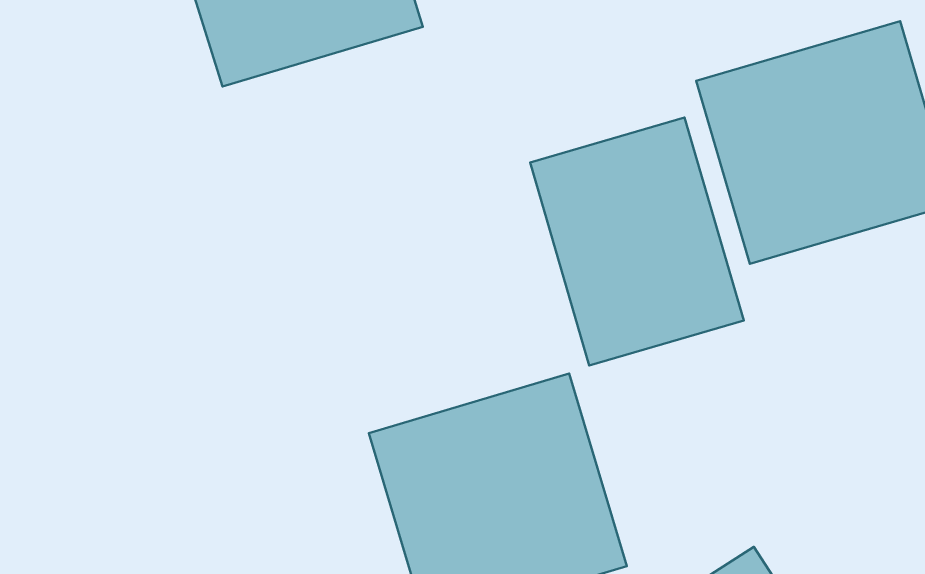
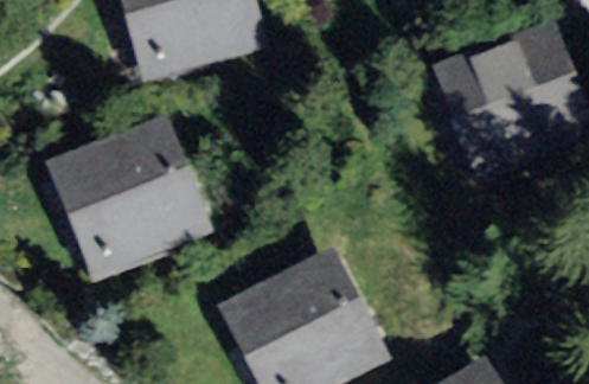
building: [530,118,744,365] -> none
building: none -> [47,114,206,268]

